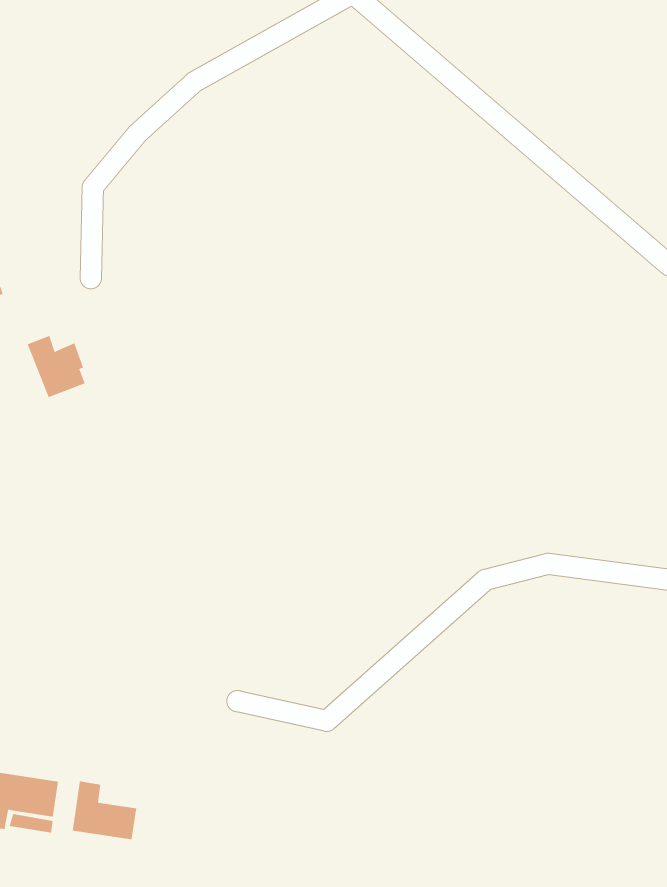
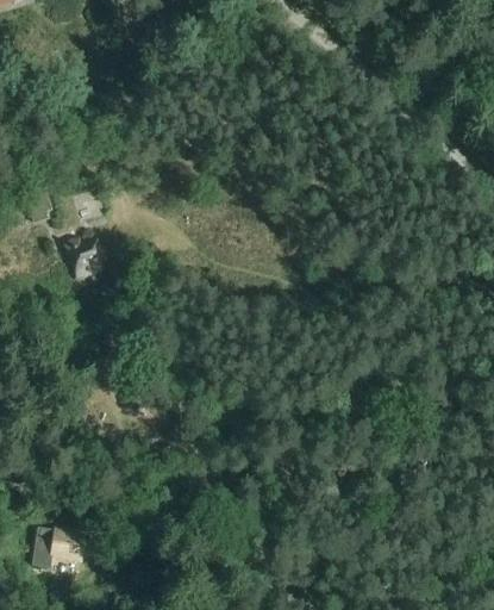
building: [72,781,137,840] -> none

